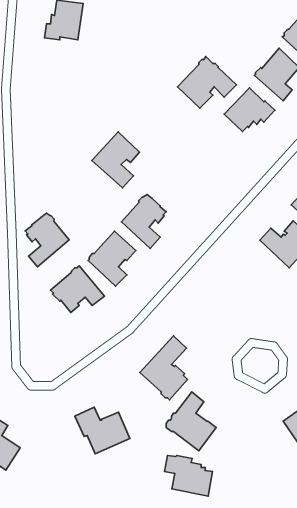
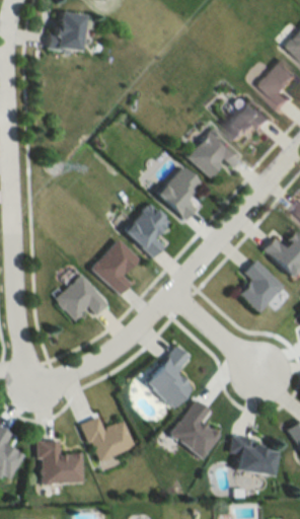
building: [177,56,236,108] -> [184,127,243,178]
building: [92,132,140,188] -> [153,165,201,221]
building: [25,213,69,267] -> none
building: none -> [236,260,282,313]
building: none -> [33,441,81,486]
building: [165,455,212,496] -> [225,436,273,476]

